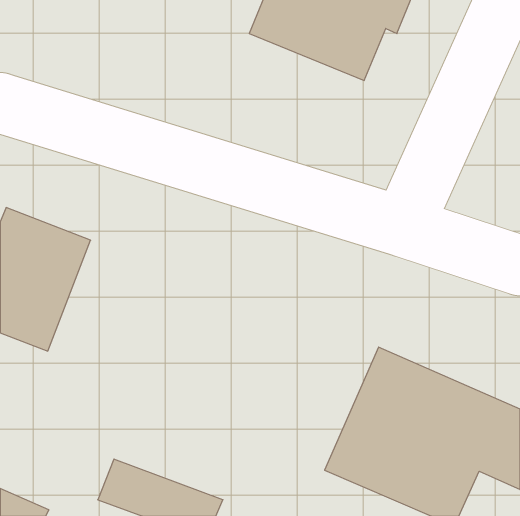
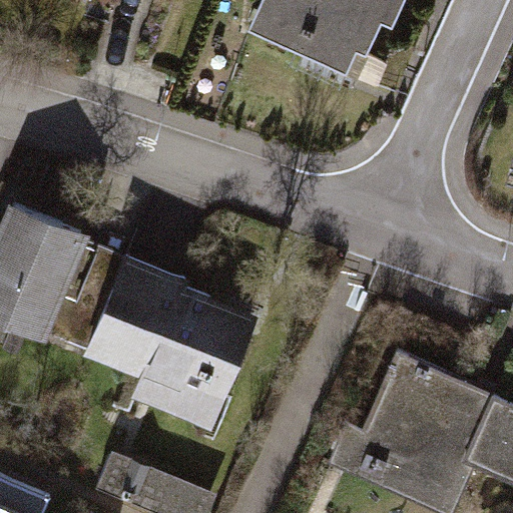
building: none -> [90,262,262,437]

